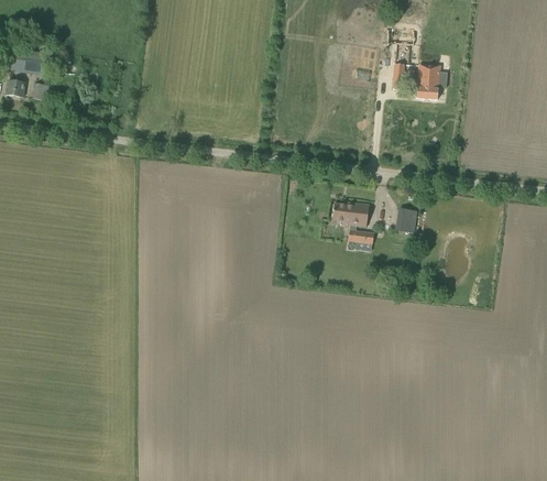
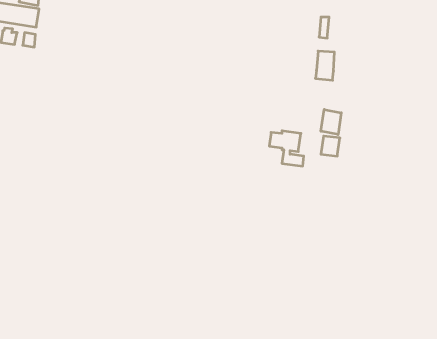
building: [416,65,439,100] -> [315,51,334,80]
building: none -> [321,109,341,135]

